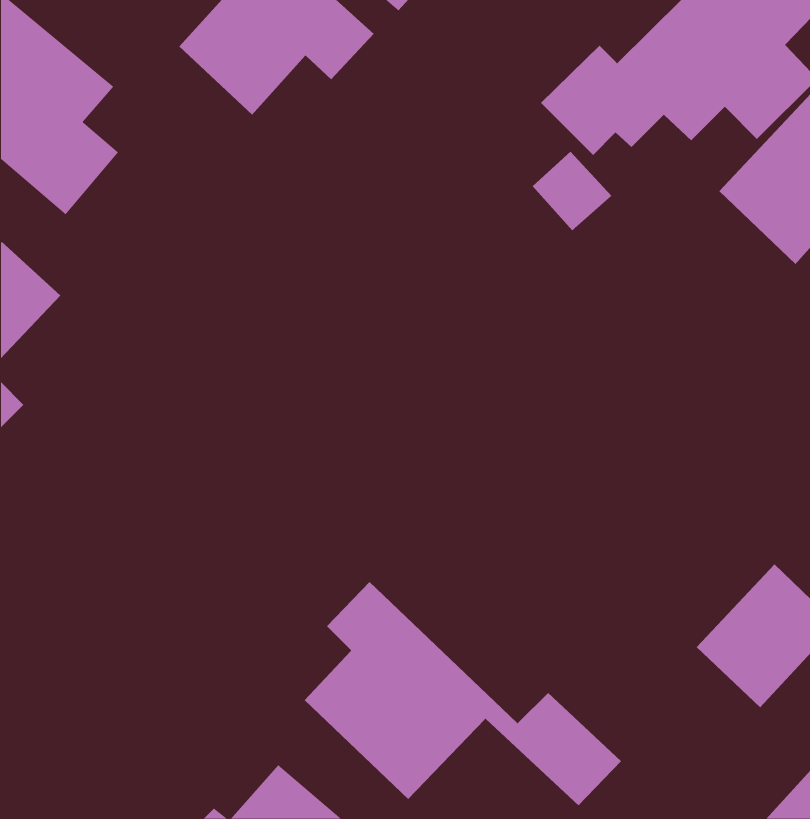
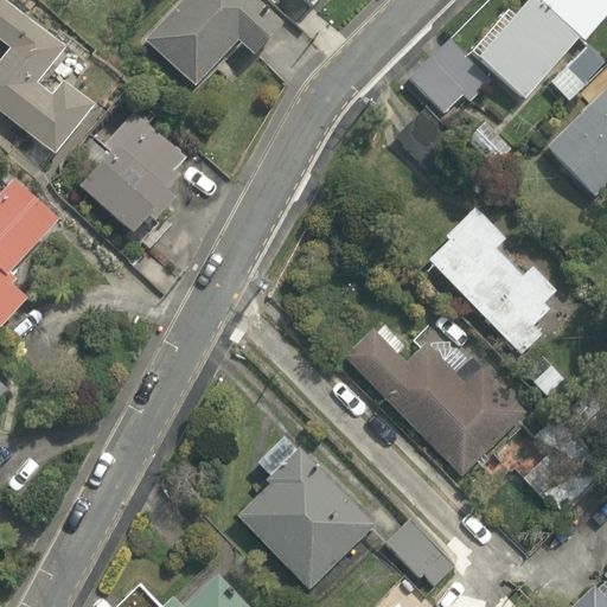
building: none -> [66,106,194,235]
building: none -> [417,198,555,354]
building: none -> [334,324,529,477]

